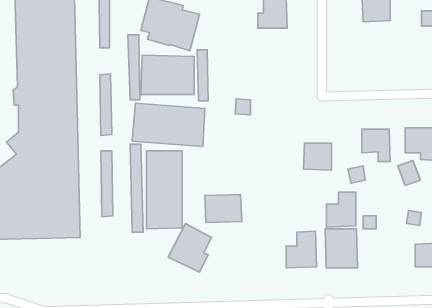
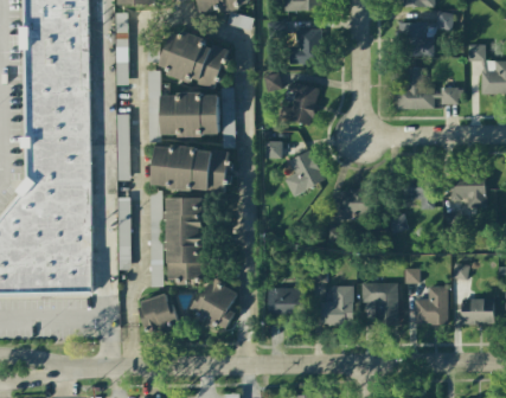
building: none -> [396,68,463,109]
building: none -> [287,83,316,124]
building: none -> [284,150,324,197]
building: [327,192,356,227] -> [415,287,447,325]
building: [205,194,242,223] -> [267,288,307,319]
building: none -> [137,294,178,334]

